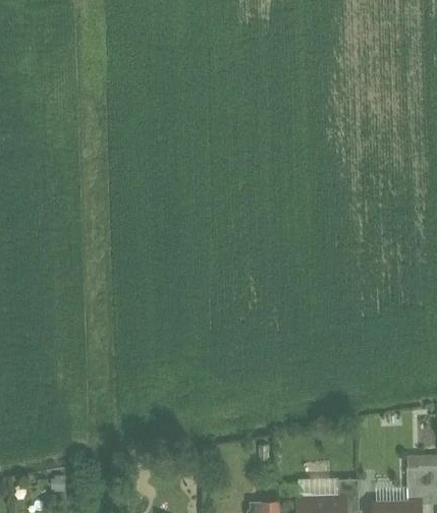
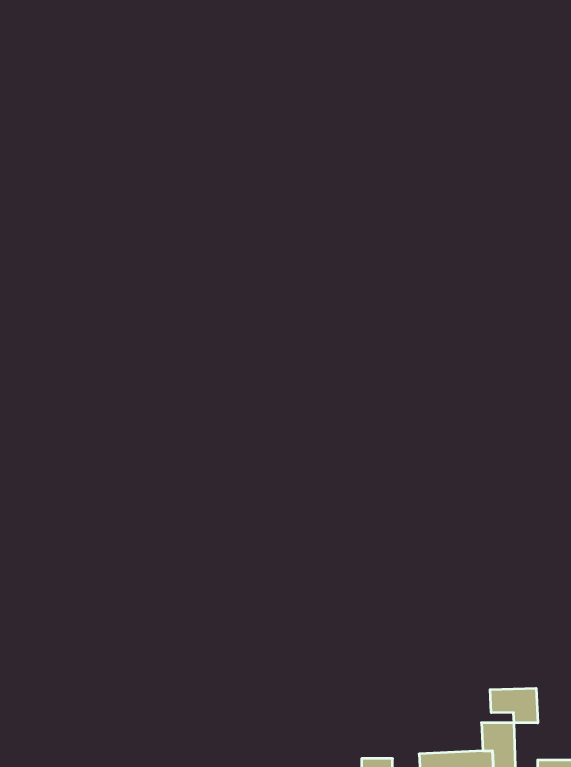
building: none -> [490,688,538,723]

